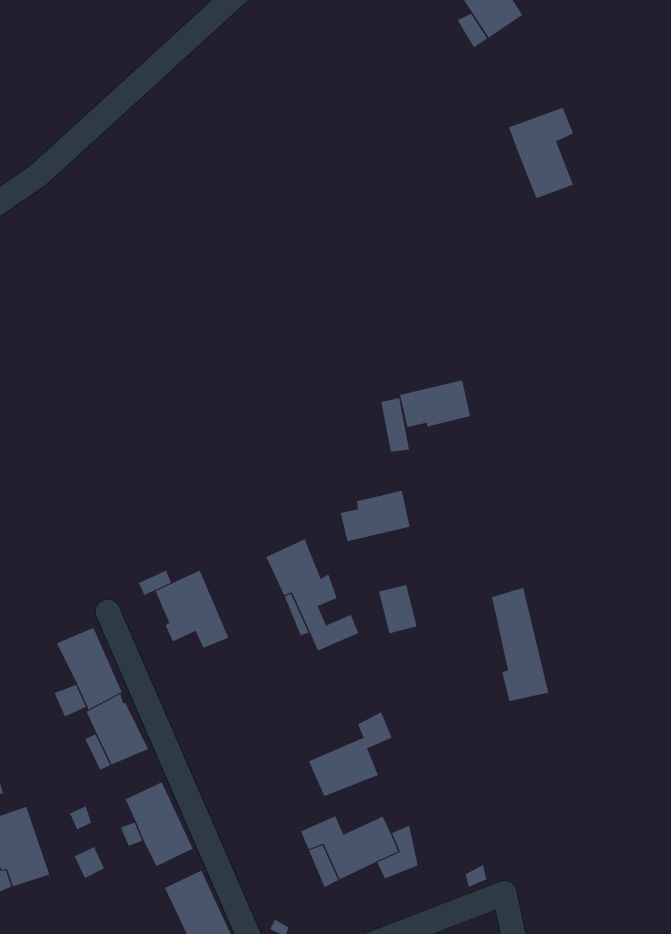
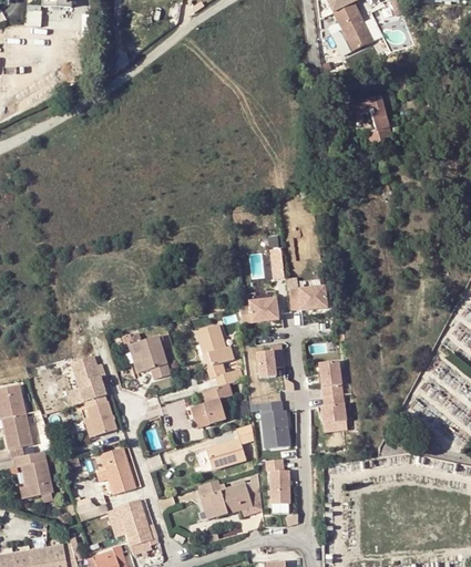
building: [399,380,471,427] -> [288,288,327,312]
building: none -> [192,382,232,425]
building: none -> [260,403,290,450]
building: none -> [266,461,290,505]

